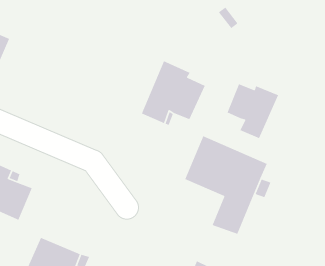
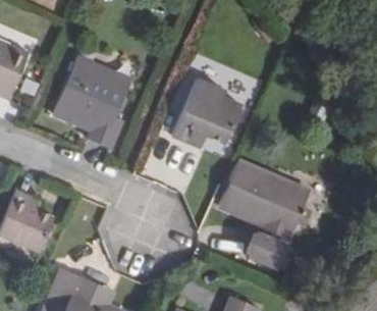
building: none -> [51,56,131,149]
building: [226,83,279,139] -> none

